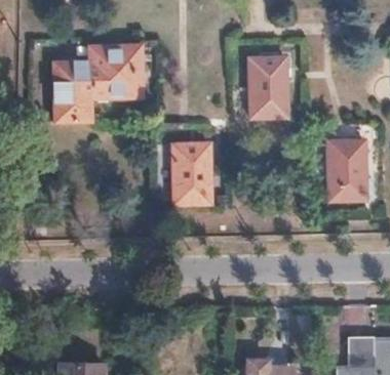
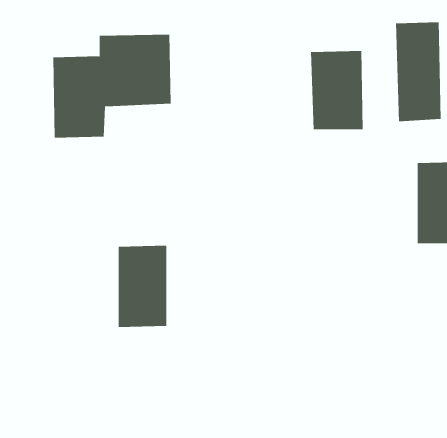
building: none -> [395,22,441,122]
building: [173,141,210,203] -> [118,245,167,327]

